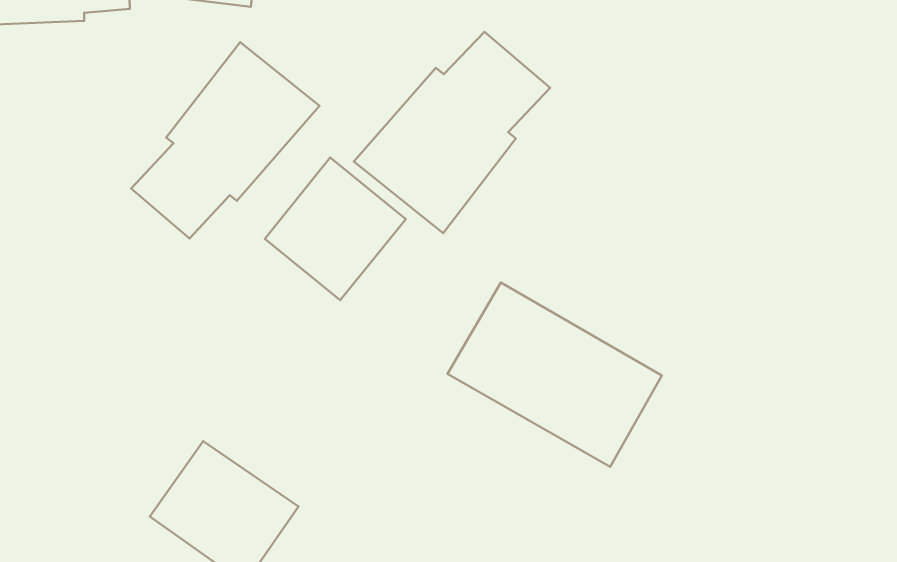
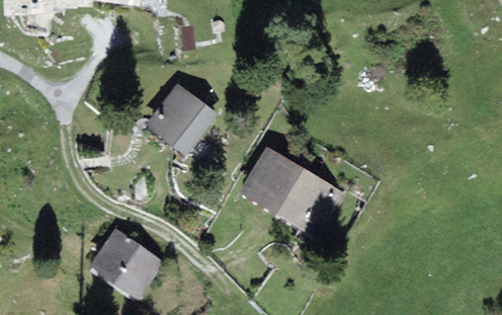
building: [354,32,550,233] -> none
building: [131,42,319,238] -> none

